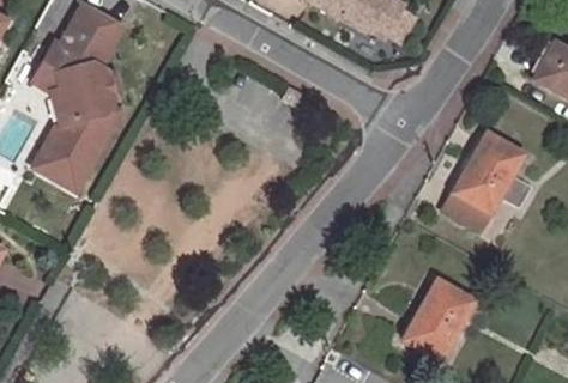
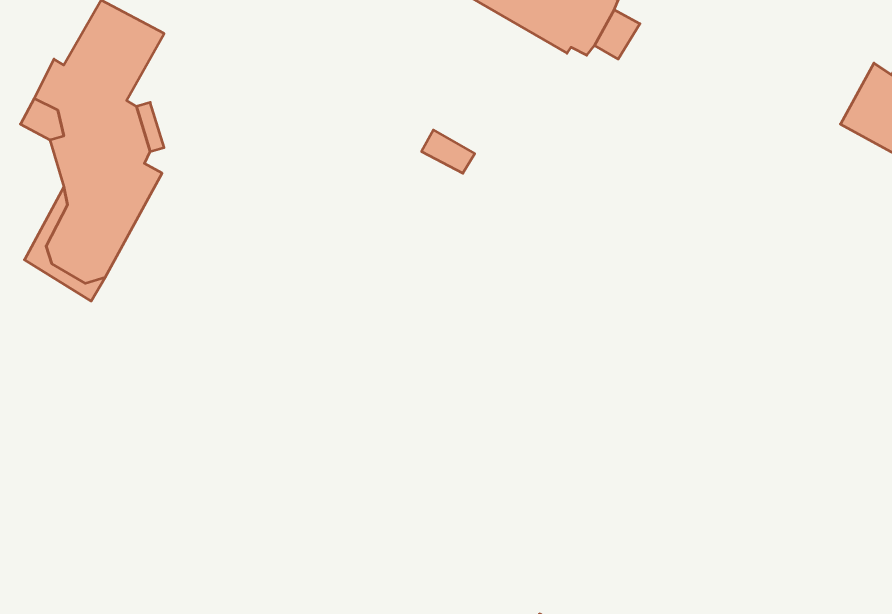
building: [443,133,531,230] -> none
building: [401,281,472,359] -> none

